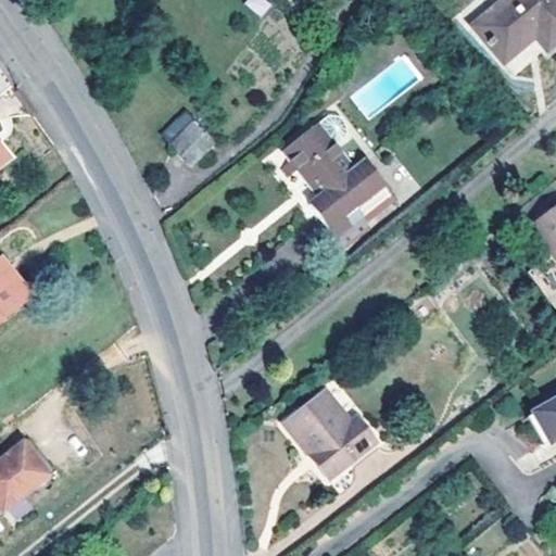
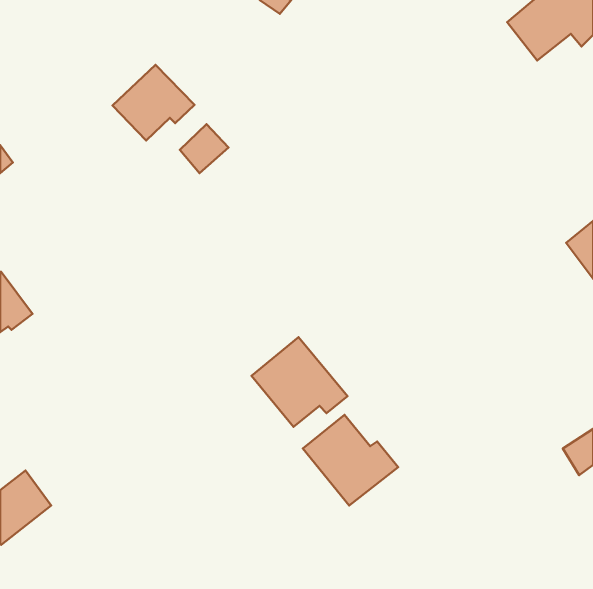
building: none -> [113,65,195,140]
building: [282,121,388,233] -> none
building: none -> [251,337,348,427]

